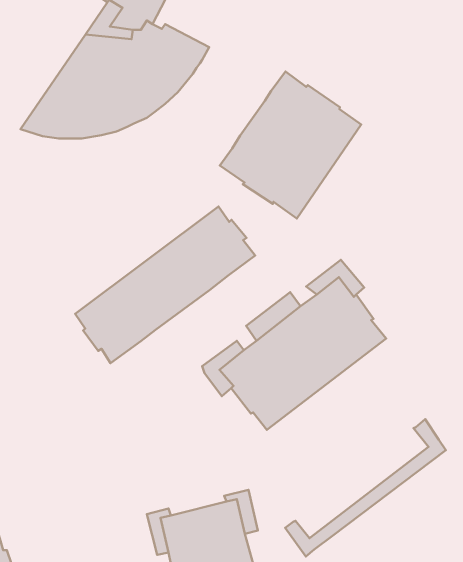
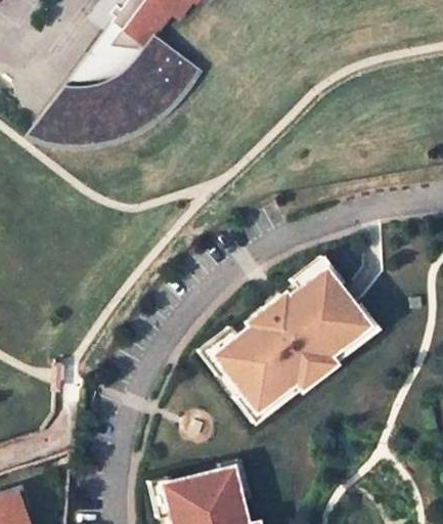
building: [220,72,361,219] -> none
building: [75,206,255,363] -> none
building: [285,419,446,557] -> [240,300,383,422]

